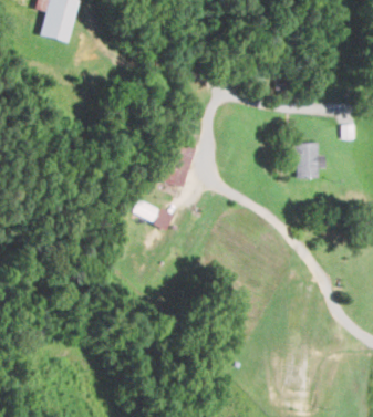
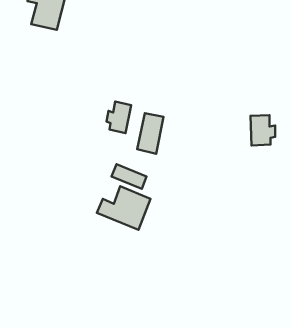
building: none -> [107,101,131,133]
building: none -> [97,186,150,230]

